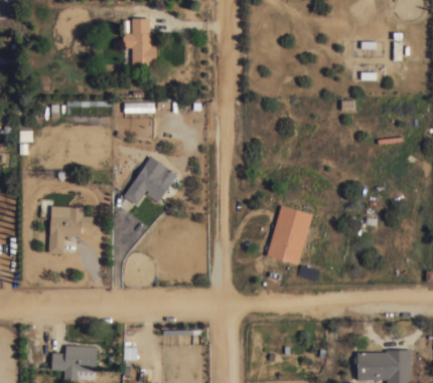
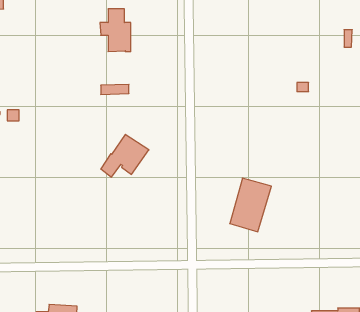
building: [47,205,92,253] -> none

